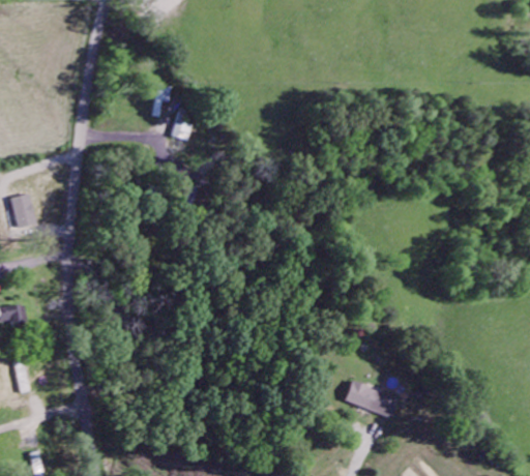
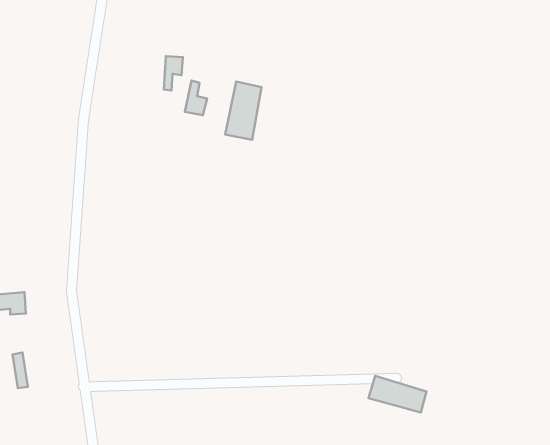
building: none -> [225,82,262,140]
building: [11,194,37,228] -> none

